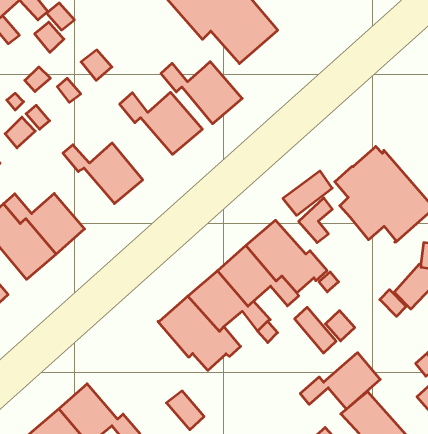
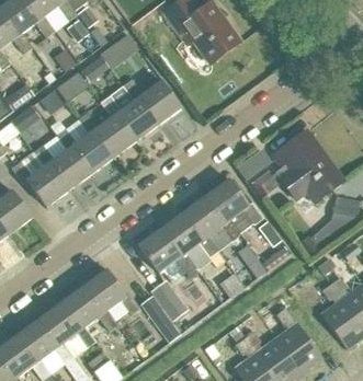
building: [161,62,242,124] -> [102,96,159,142]
building: none -> [57,129,114,174]
building: [300,353,380,409] -> none
building: none -> [83,269,140,315]
building: none -> [150,280,188,321]

